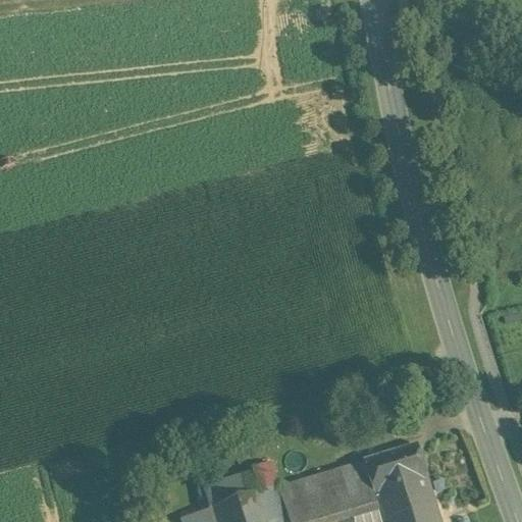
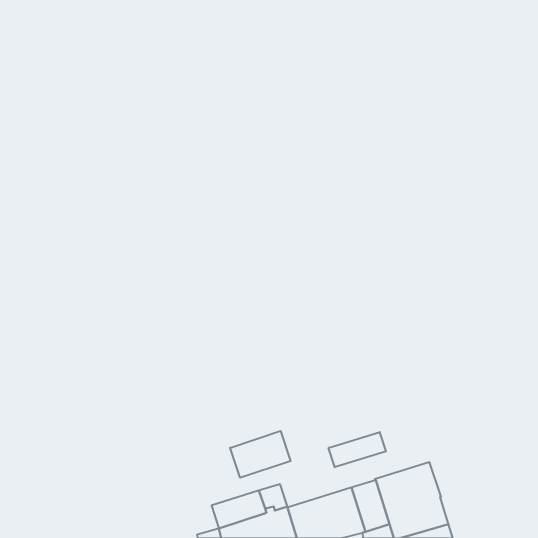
building: none -> [230,431,291,478]
building: none -> [329,432,386,467]

